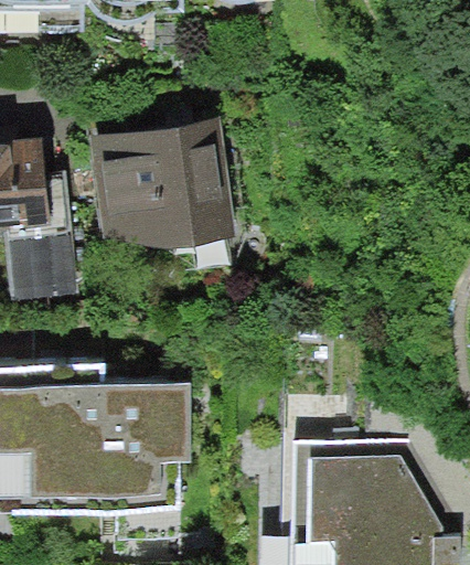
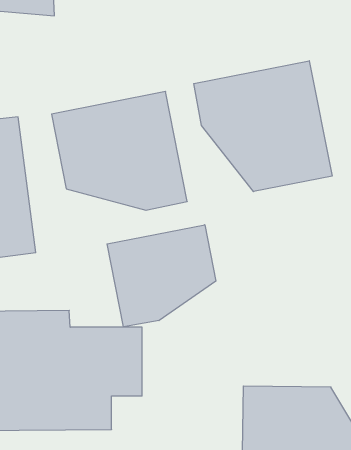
building: none -> [194,61,332,192]
building: none -> [107,225,216,327]

